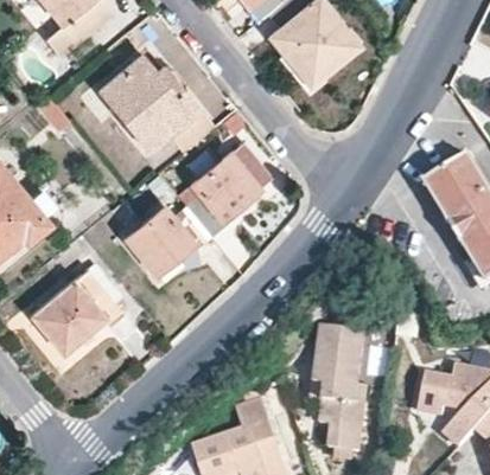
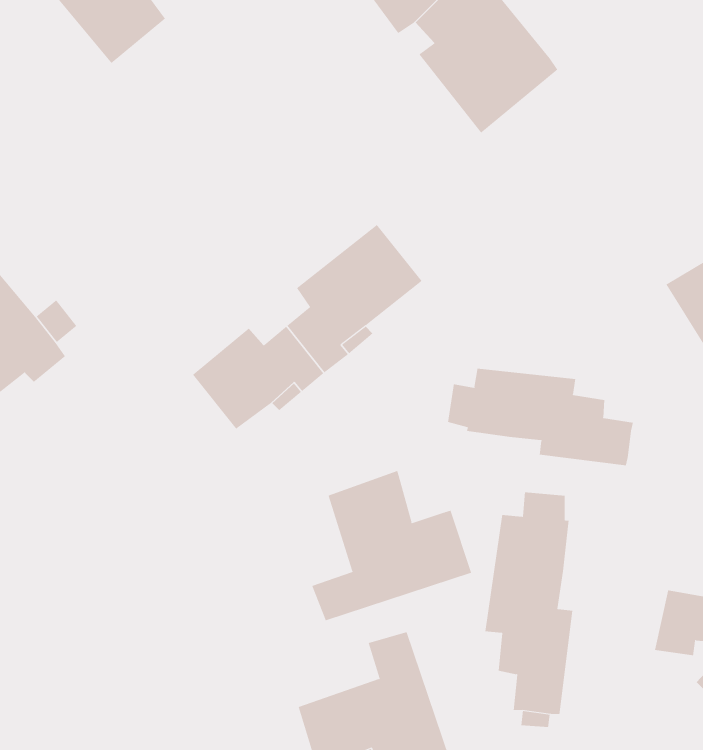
building: [98,54,214,152] -> none
building: none -> [447,368,634,466]
building: [30,269,123,352] -> none
building: none -> [312,470,472,621]

